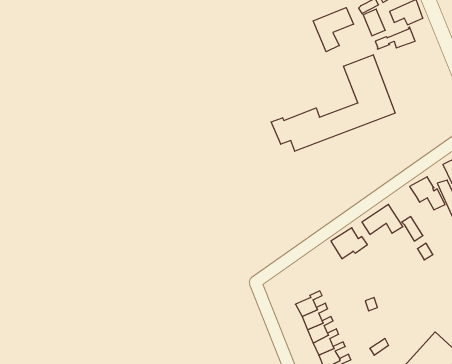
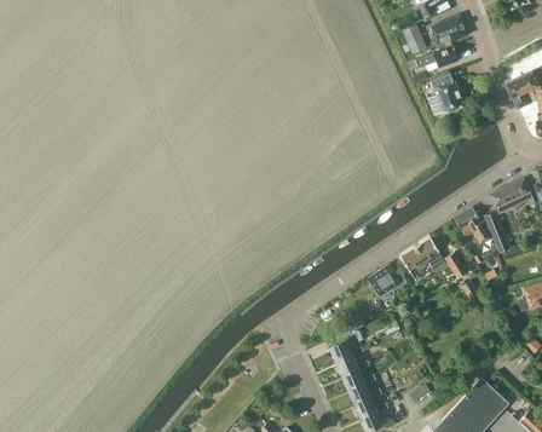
building: [313,8,354,52] -> none
building: none -> [428,71,465,116]
building: [271,55,395,151] -> none

